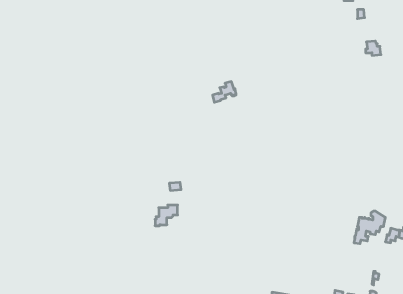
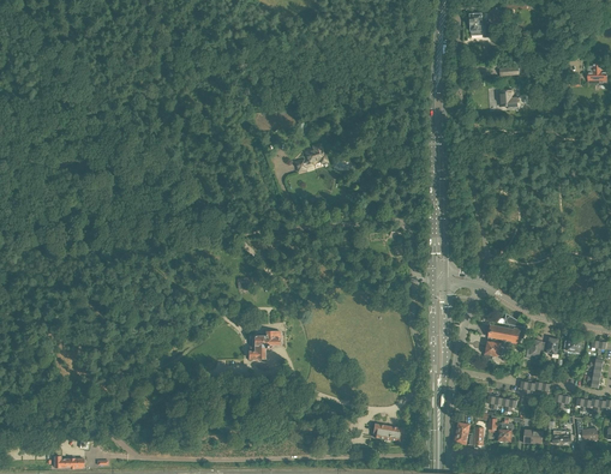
building: [155,205,178,226] -> [248,331,278,359]

